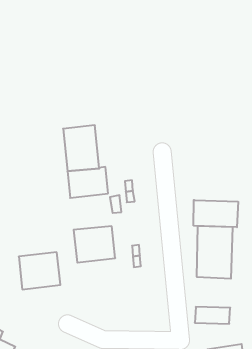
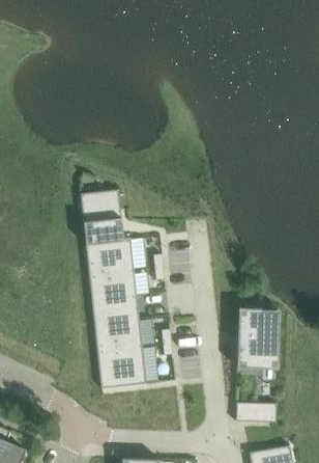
building: none -> [89,270,138,312]
building: [194,200,238,227] -> none
building: [19,252,60,289] -> [97,346,146,389]

